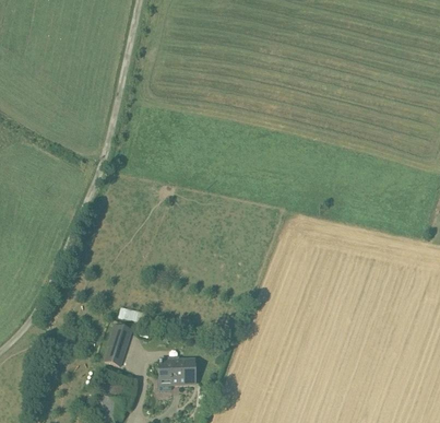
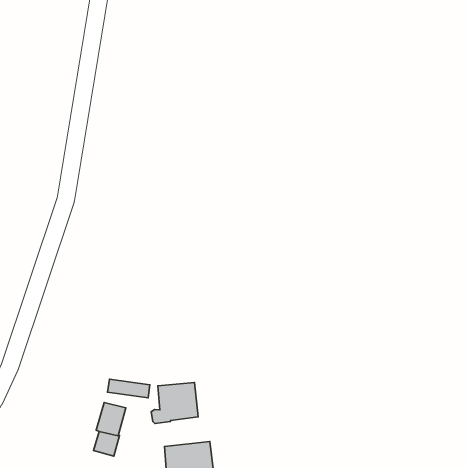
building: none -> [151,382,198,424]

